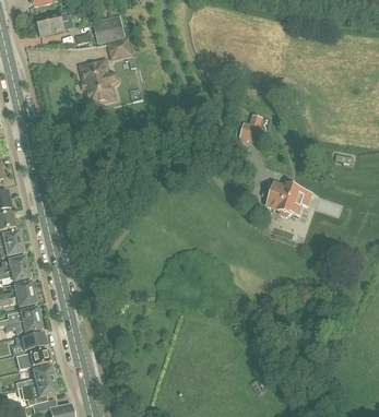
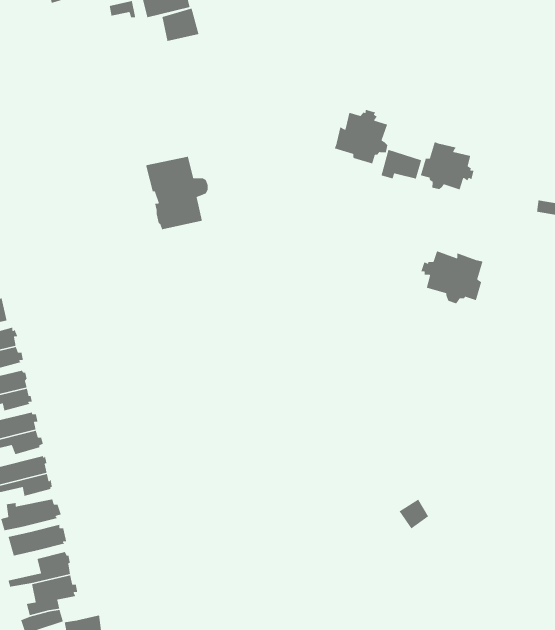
building: [80,59,118,104] -> [145,156,208,230]
building: none -> [334,109,388,165]
building: none -> [420,141,474,191]

